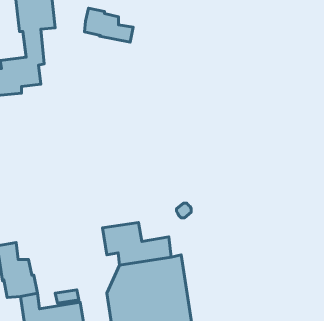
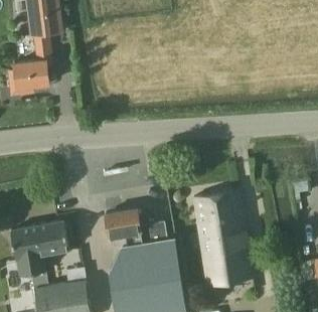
building: [84,8,133,42] -> none
building: none -> [192,191,253,289]
building: none -> [27,221,69,257]

